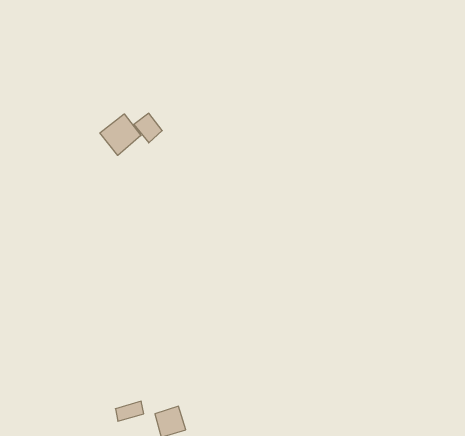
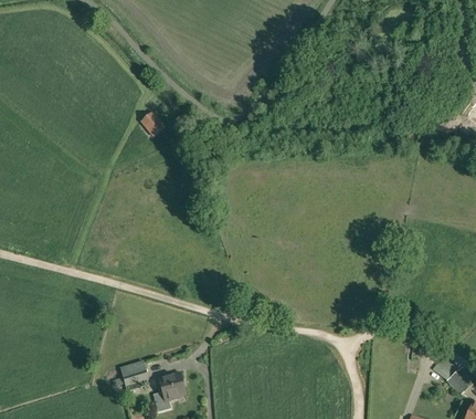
building: [100,114,141,155] -> none

